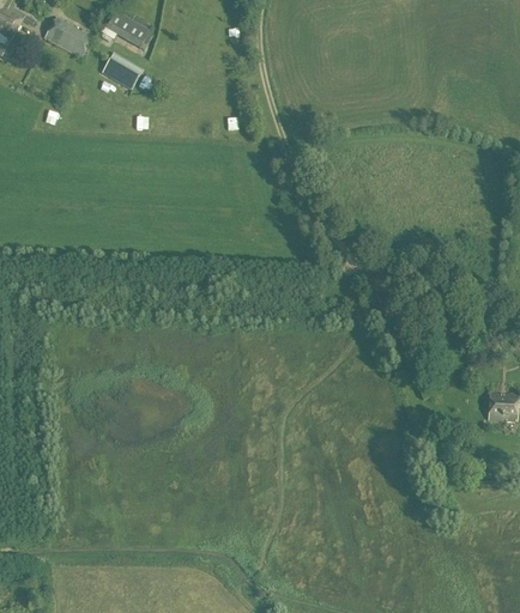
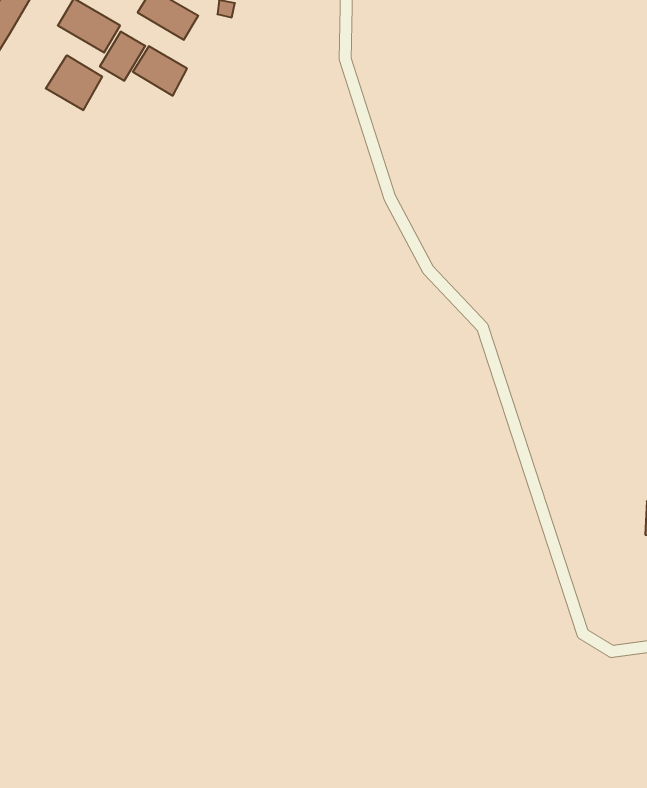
building: none -> [100,31,145,81]
building: none -> [46,55,102,110]

